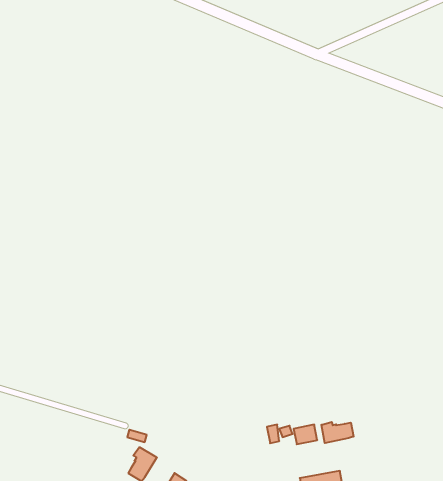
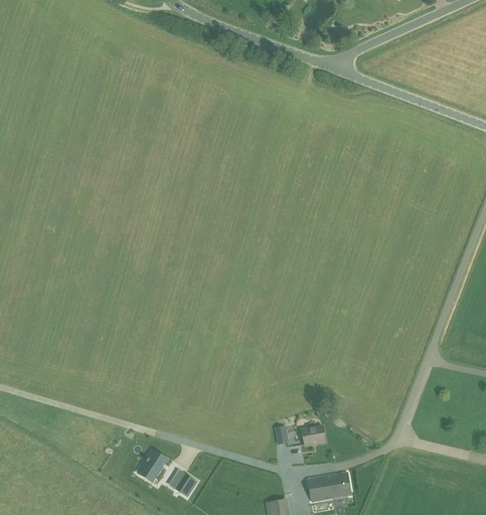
building: [321,422,354,443] -> none

